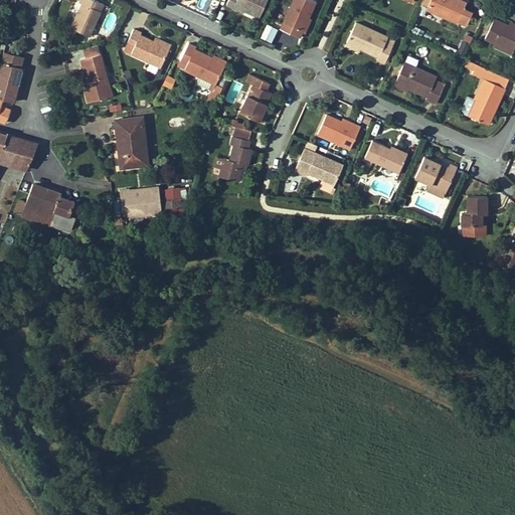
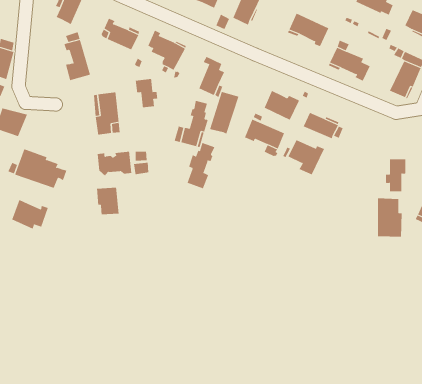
building: none -> [135,78,158,108]
building: none -> [210,91,239,135]
building: [414,154,459,196] -> [288,140,325,175]
building: none -> [187,142,215,189]
building: none -> [97,187,119,215]
building: none -> [377,197,402,238]
building: none -> [11,199,49,229]

